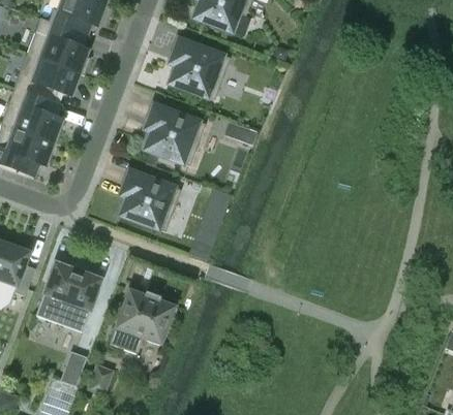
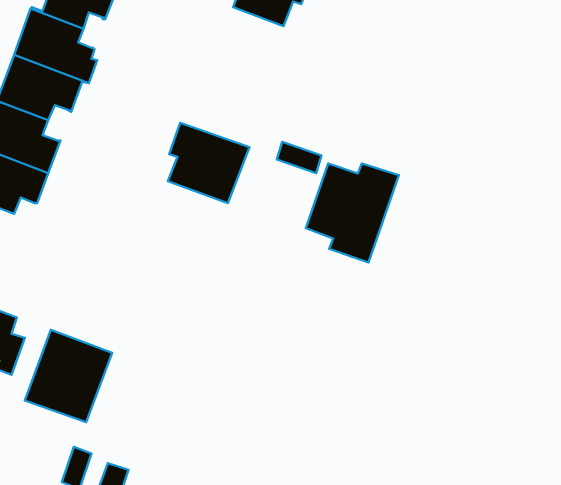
building: [169,38,230,99] -> none
building: none -> [306,163,399,263]
building: [120,169,181,231] -> none
building: [109,288,175,353] -> none

